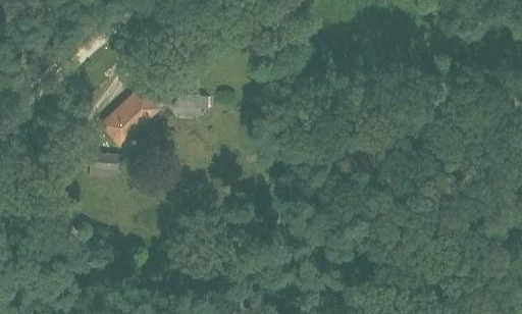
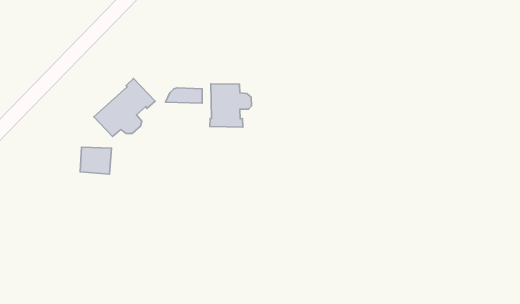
building: none -> [210,84,252,127]

